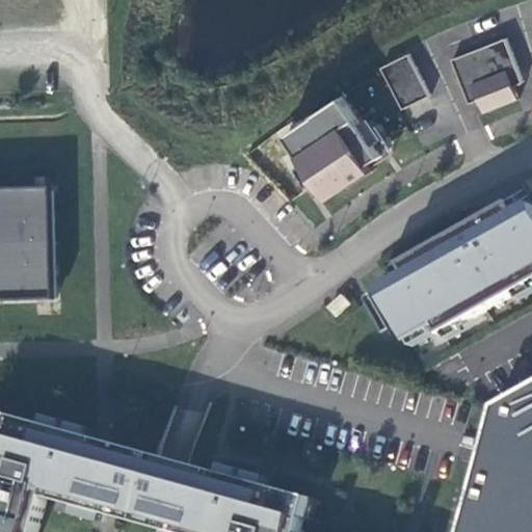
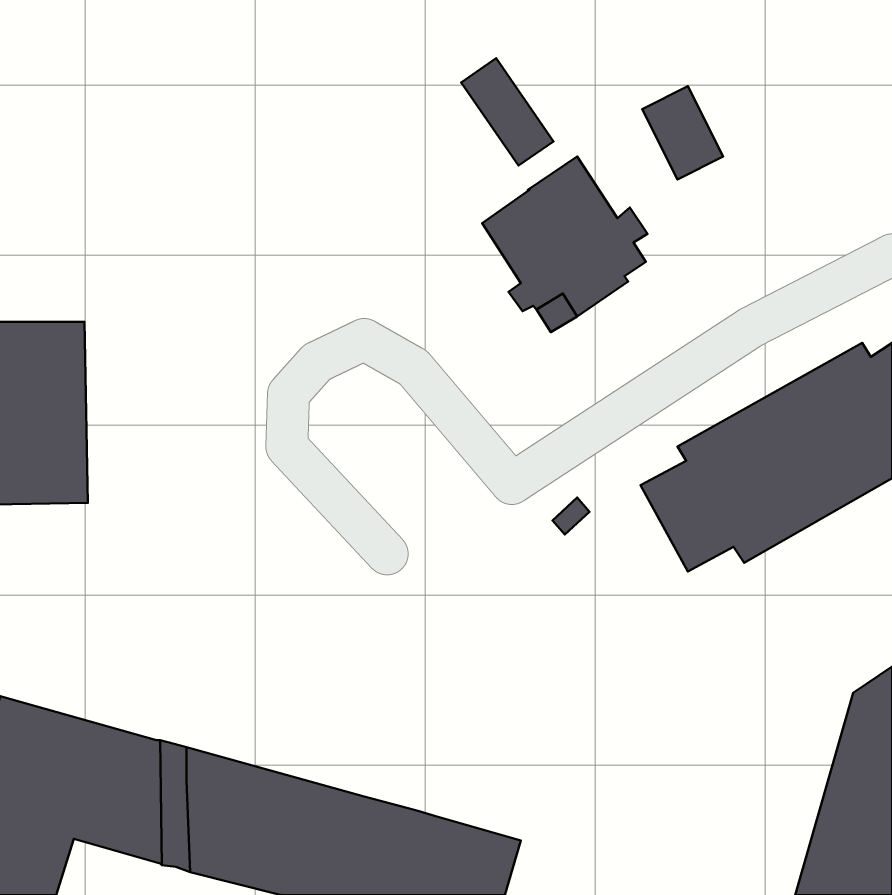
building: none -> [461,58,554,166]
building: [449,35,521,109] -> none

